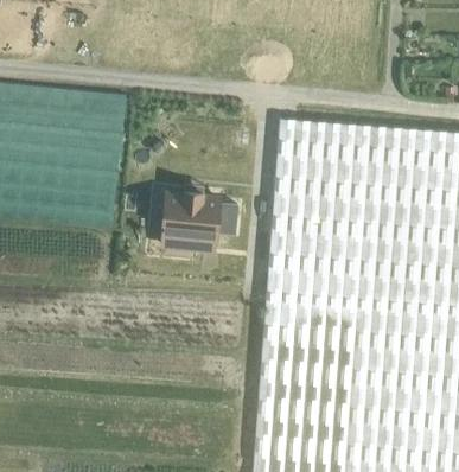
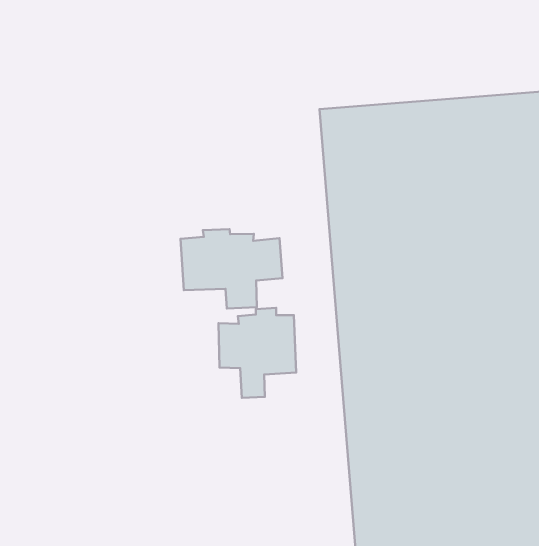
building: none -> [218,308,296,398]

